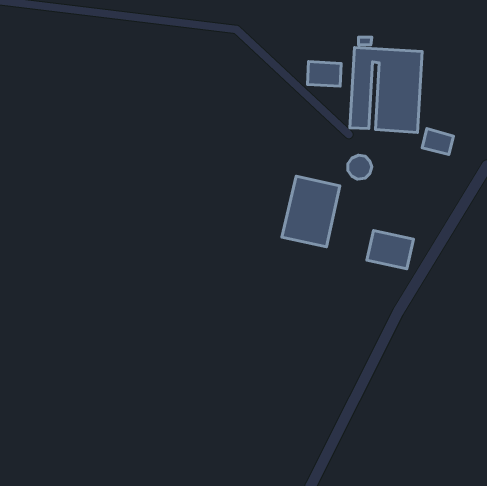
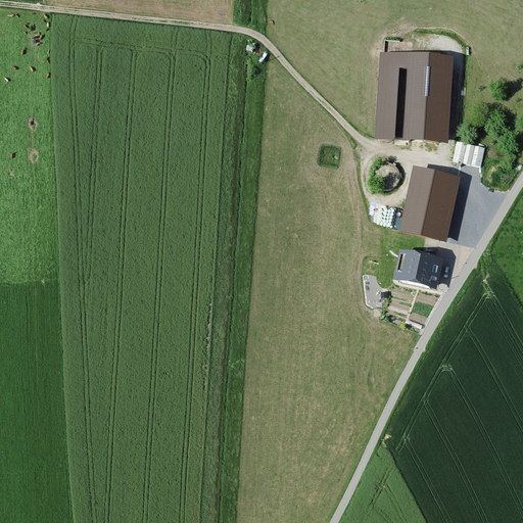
building: [307,61,341,86] -> none
building: [282,176,340,247] -> [398,165,461,241]

